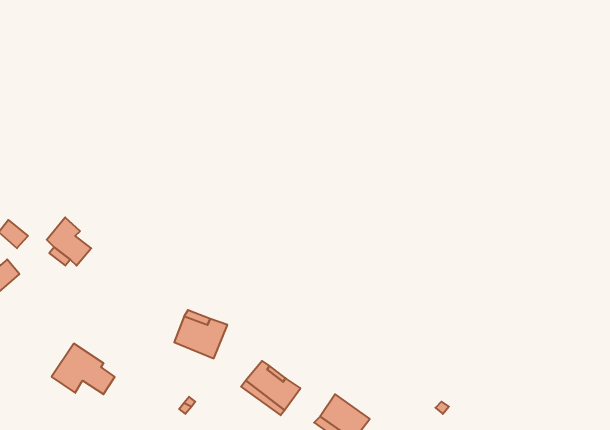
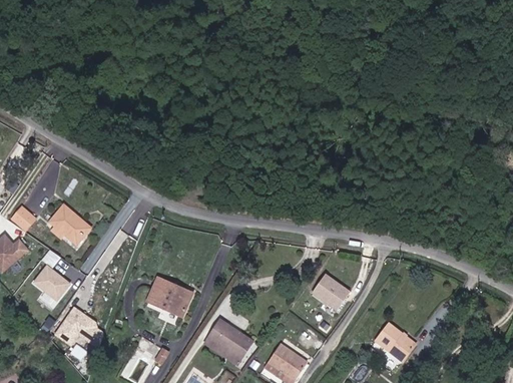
building: none -> [30,263,69,301]
building: none -> [308,273,348,311]
building: none -> [373,328,412,364]

